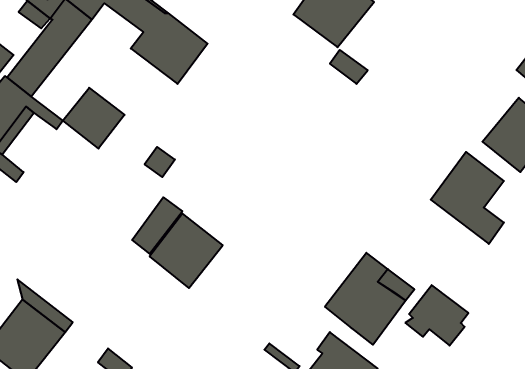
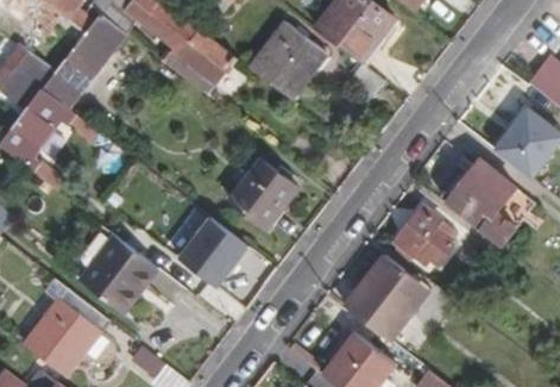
building: none -> [248,21,322,96]
building: [63,88,125,149] -> none
building: none -> [228,160,296,227]
building: none -> [80,235,155,310]
building: [405,285,468,346] -> [396,206,455,263]

